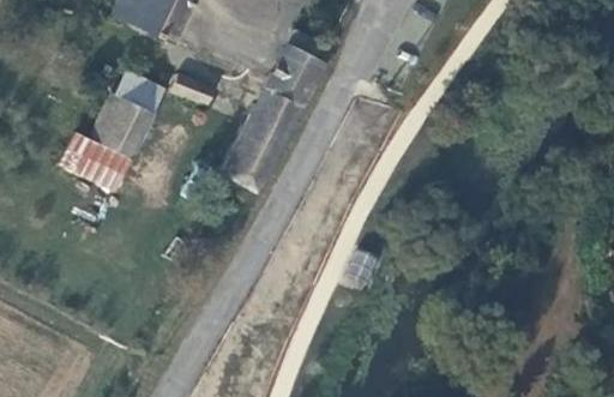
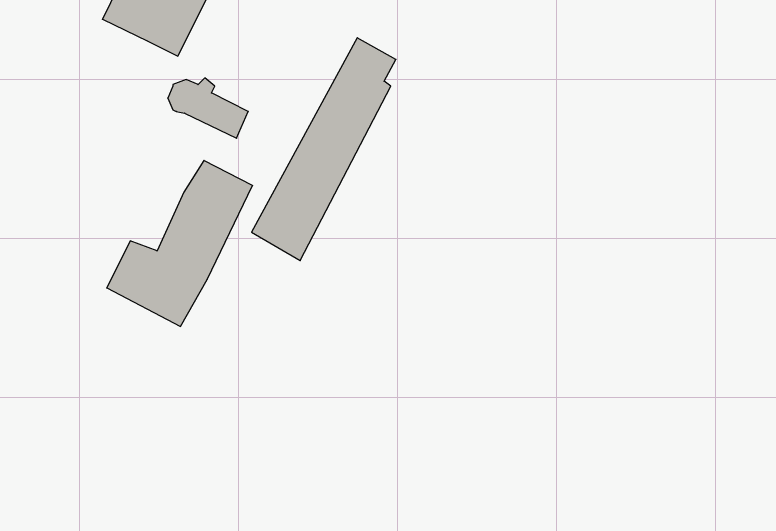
building: [56,71,161,190] -> [107,160,253,326]

